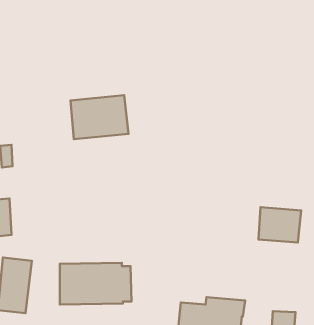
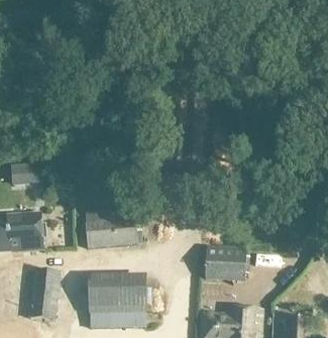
building: [71,95,128,139] -> [82,210,136,251]
building: [258,207,301,243] -> [205,248,245,281]

